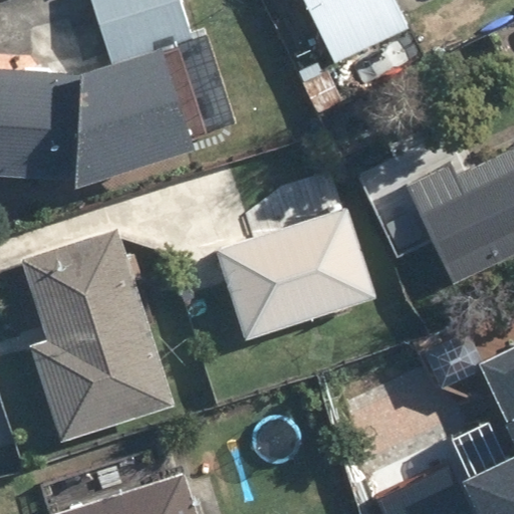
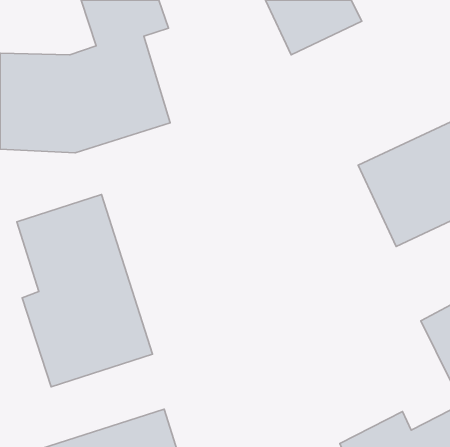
building: [213,206,379,340] -> none

